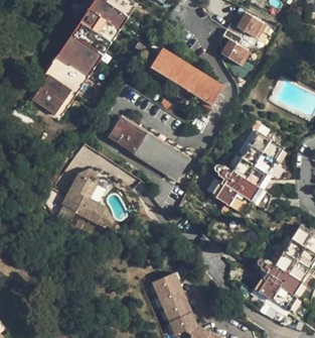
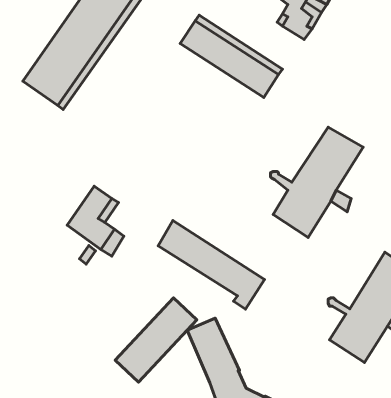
building: [108,113,187,180] -> [158,220,264,309]
building: none -> [115,298,197,382]

